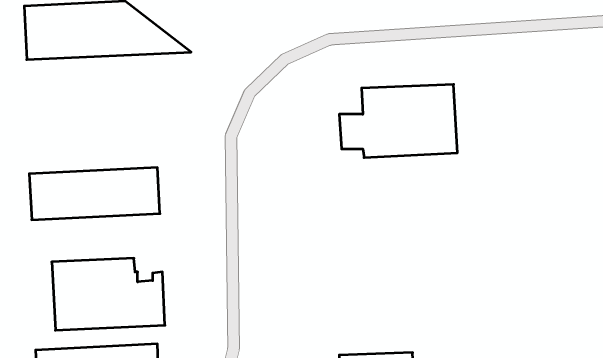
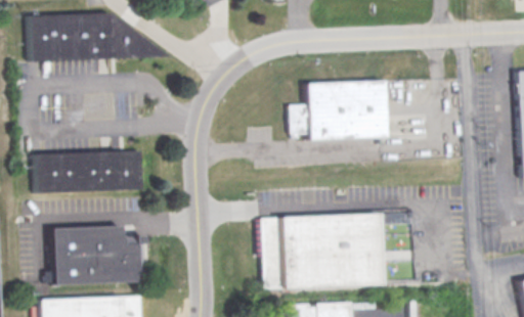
building: none -> [261,213,381,289]

